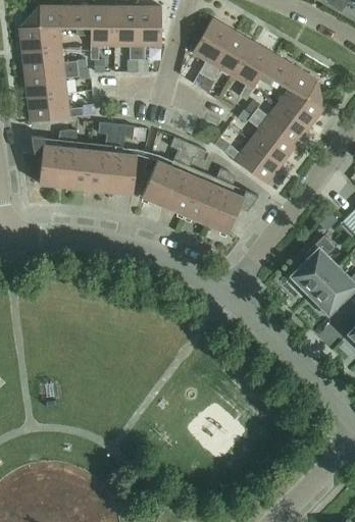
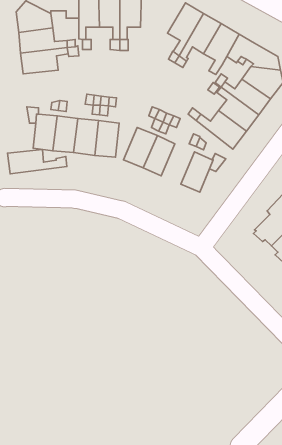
building: [28,95,95,122] -> [8,149,67,174]
building: [185,178,222,224] -> none

